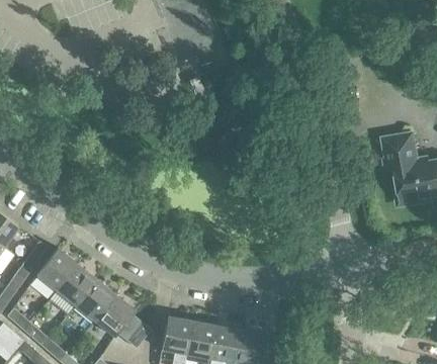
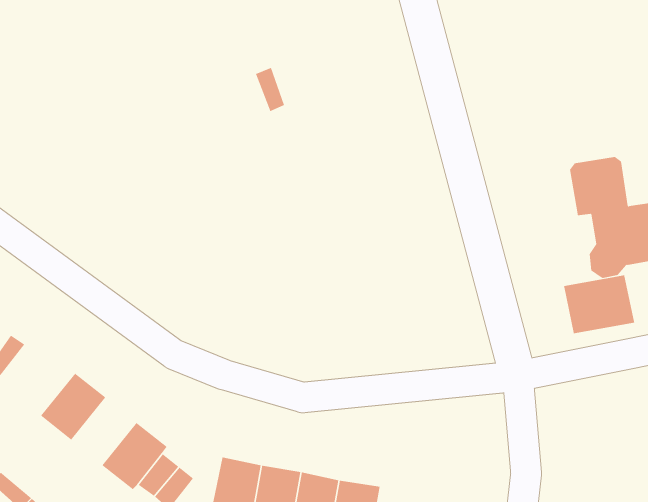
building: none -> [563,275,635,334]
building: [35,248,77,290] -> none
building: [75,279,114,321] -> none

